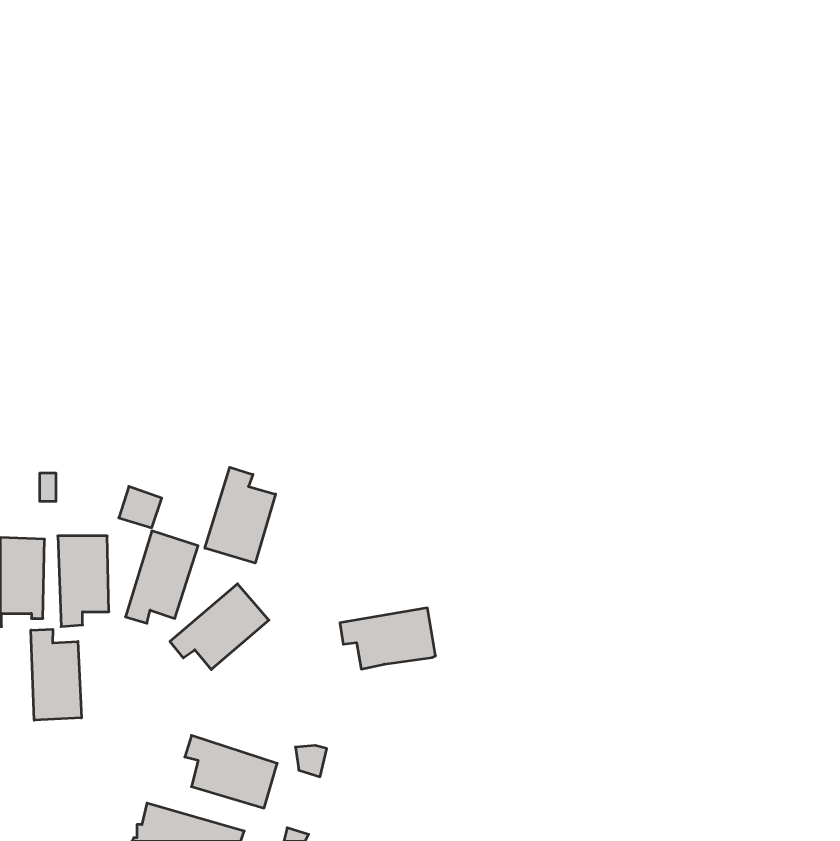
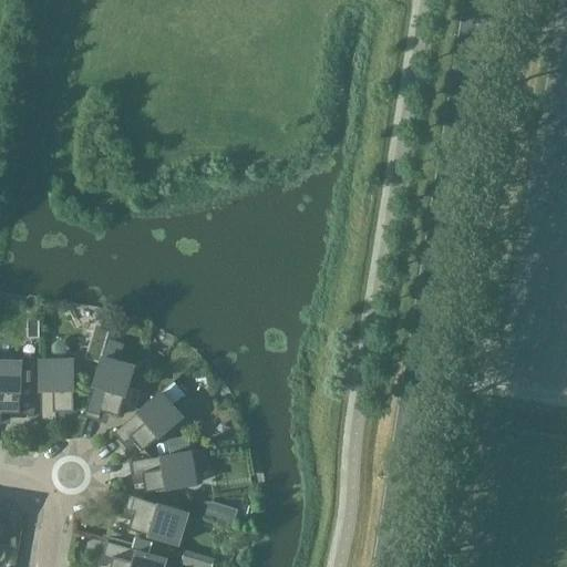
building: [205,467,276,563] -> none
building: [340,608,436,669] -> [133,451,197,492]
building: [31,629,81,720] -> none

